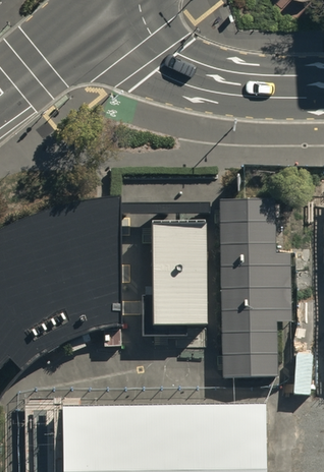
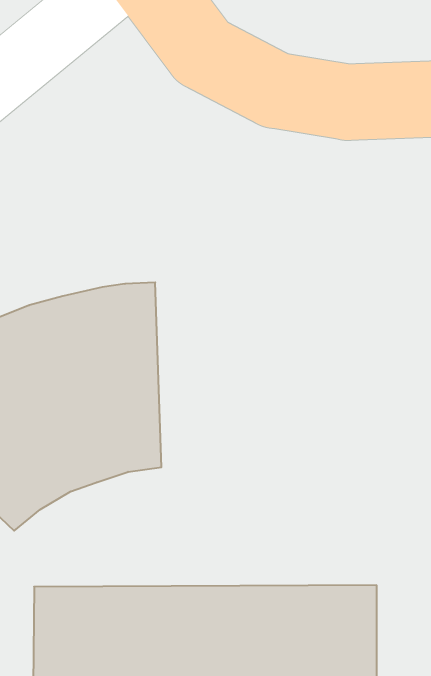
building: [224,198,282,377] -> none
building: [143,218,209,333] -> none

